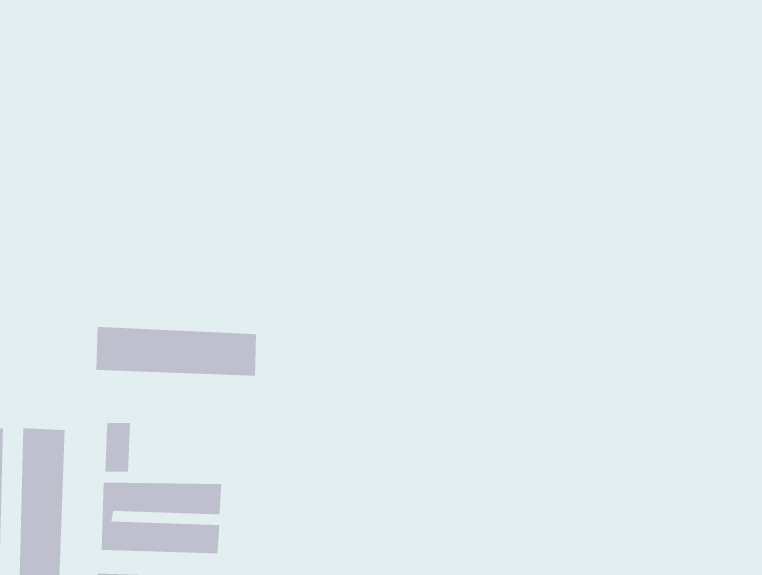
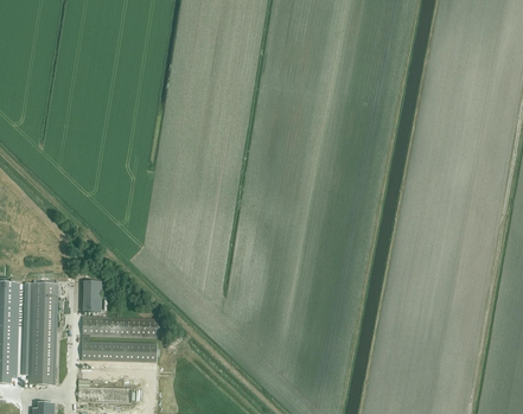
building: [96,326,257,377] -> none

